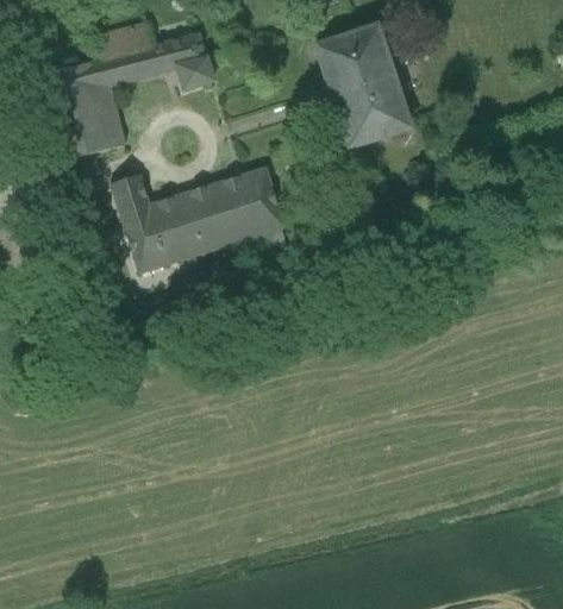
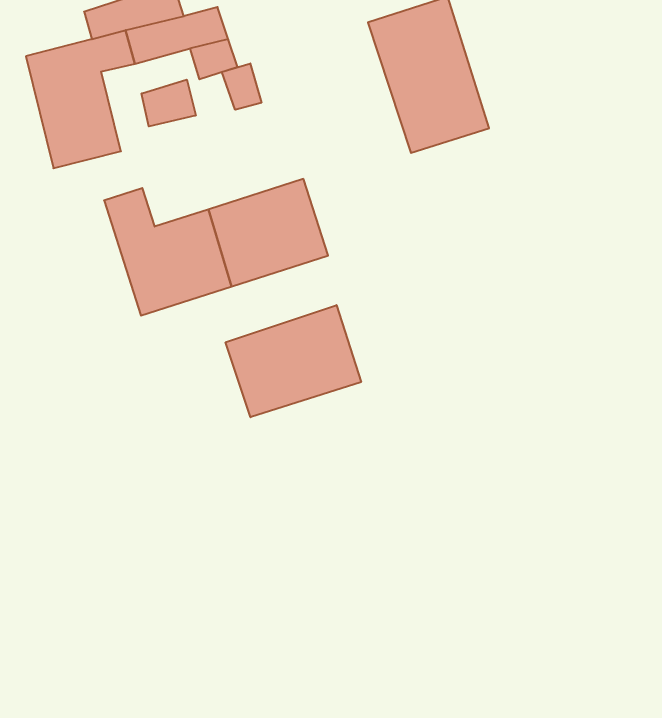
building: none -> [222,63,261,110]
building: none -> [142,80,196,126]
building: none -> [226,305,361,417]

